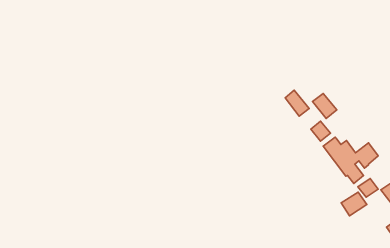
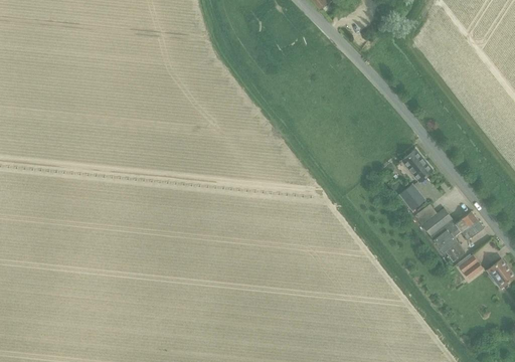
building: [285,90,309,116] -> none
building: [341,192,367,216] -> none

